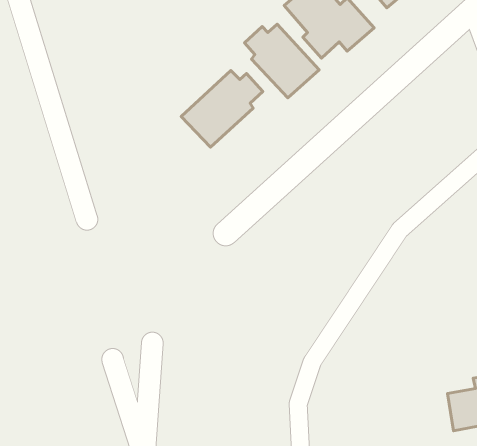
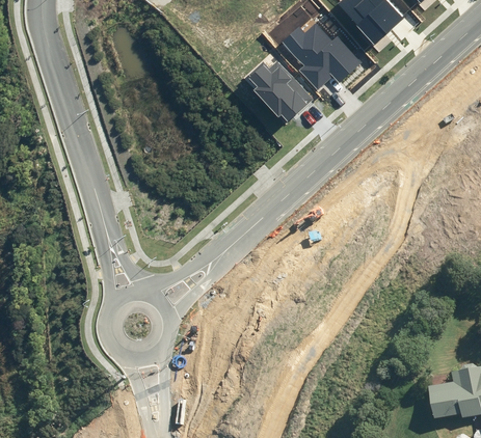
building: [181,71,263,147] -> none

